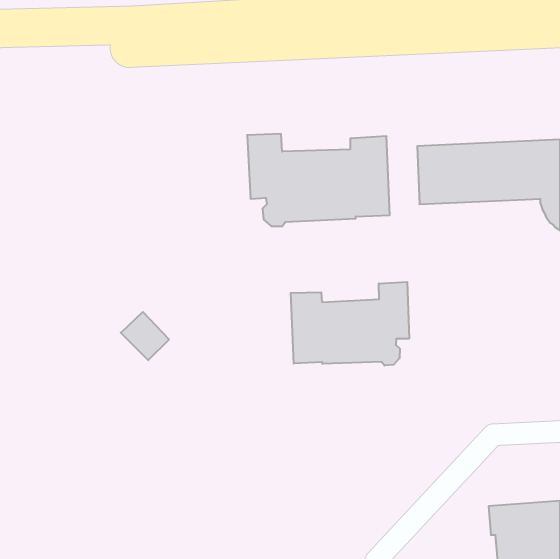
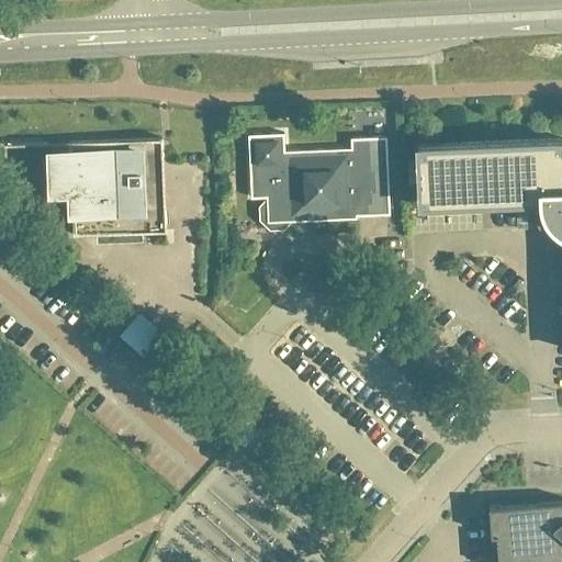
building: none -> [54,140,165,244]
building: [291,282,409,366] -> none

